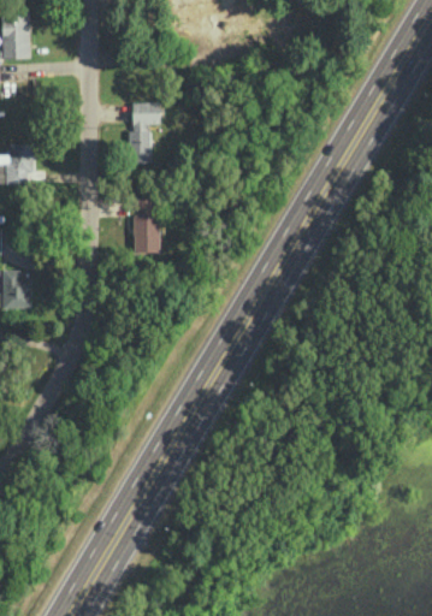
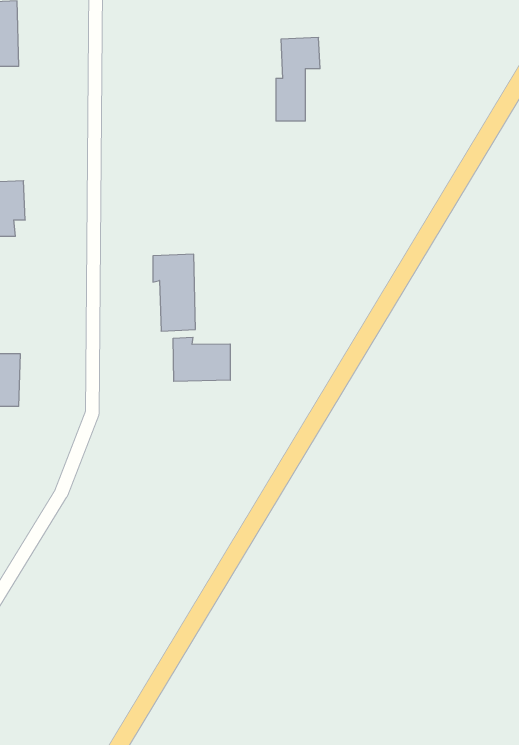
building: [129,101,161,162] -> [276,38,320,121]
building: none -> [173,337,230,381]

